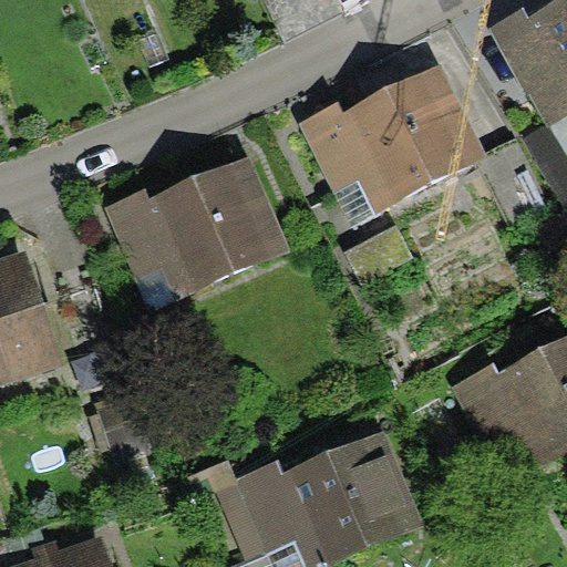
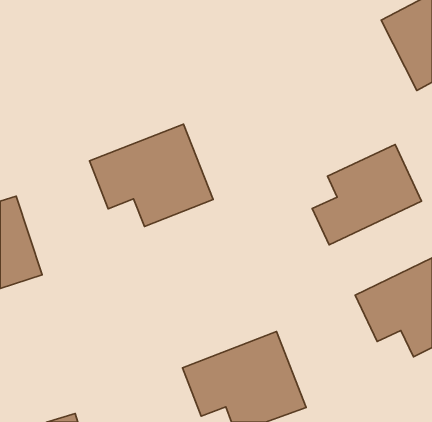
building: [306,69,471,206] -> none
building: none -> [312,145,421,245]

